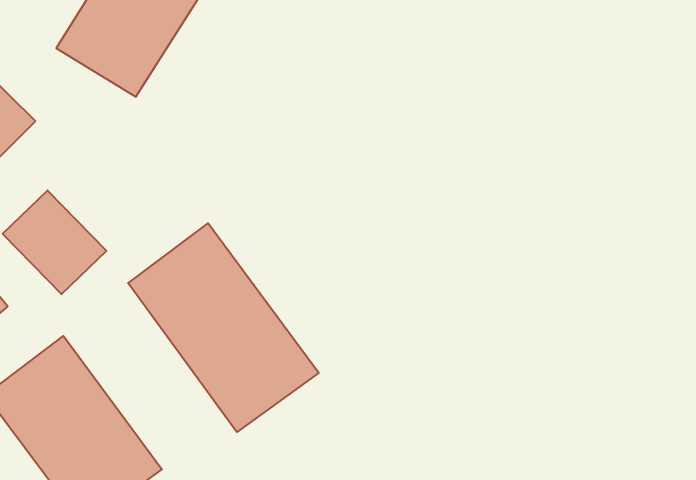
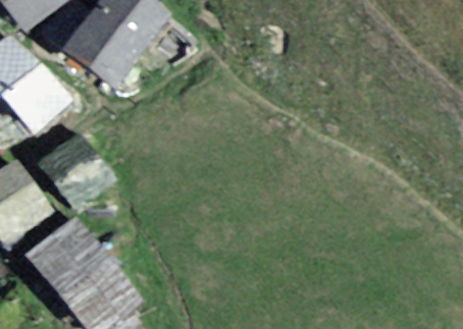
building: [128,223,319,432] -> none

